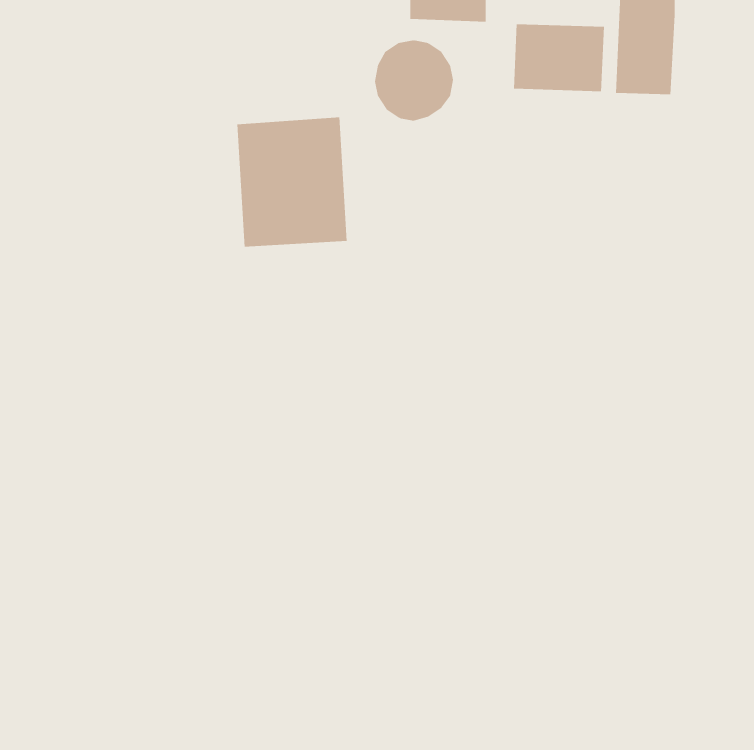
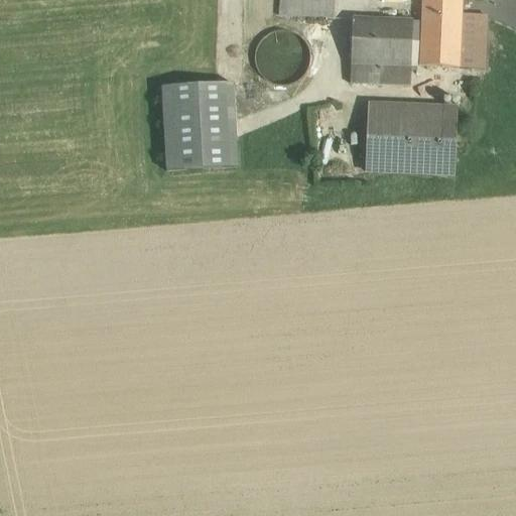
building: none -> [458,10,485,66]
building: none -> [350,60,410,83]
building: none -> [365,101,456,172]

